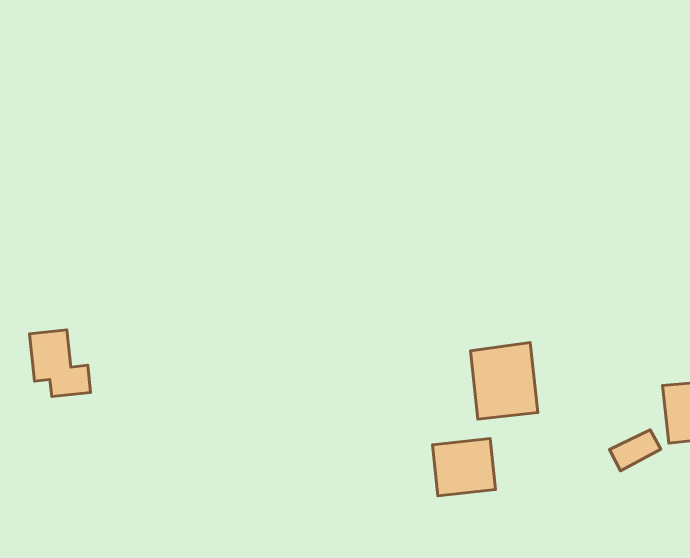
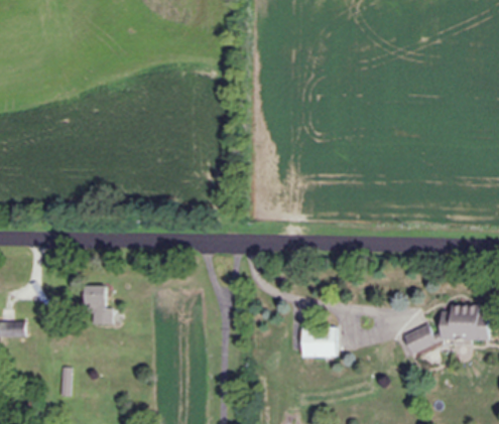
building: [29,330,91,397] -> [83,285,115,323]
building: [470,342,538,419] -> none

